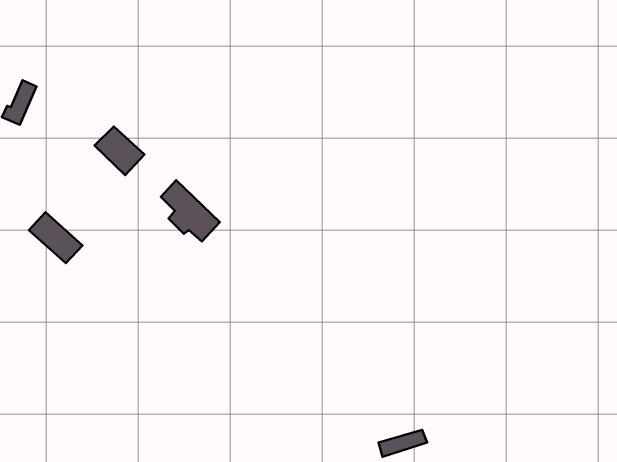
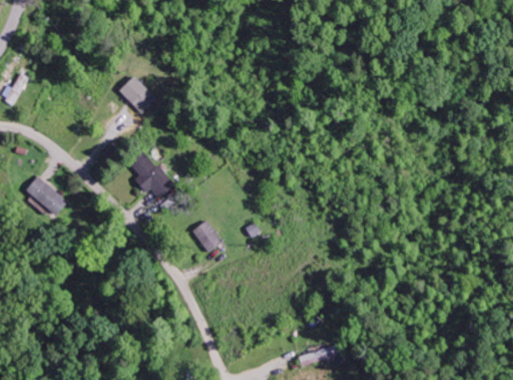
building: [94,126,144,175] -> [119,75,158,113]
building: none -> [192,220,224,253]

